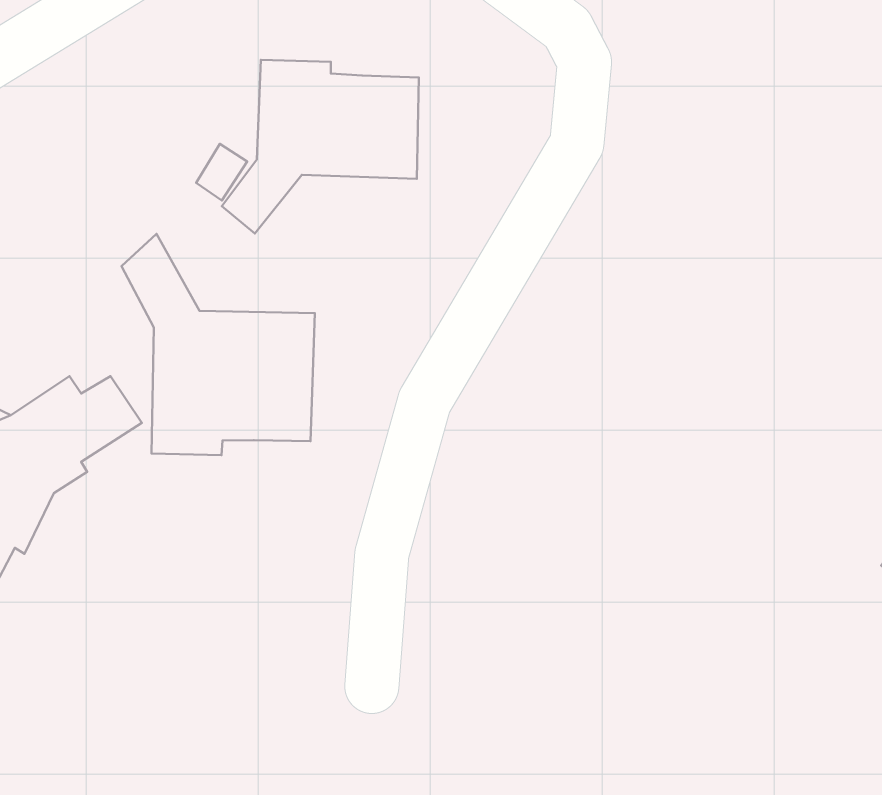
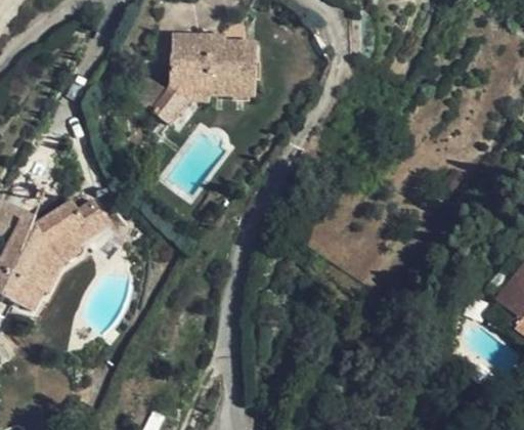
building: [122,234,315,455] -> none

